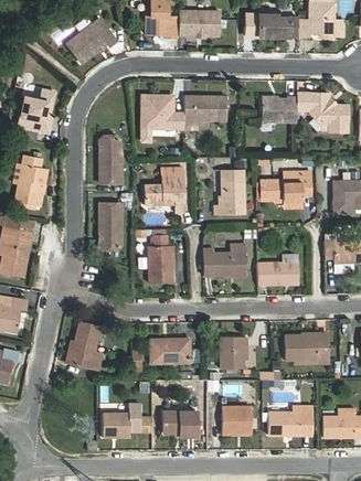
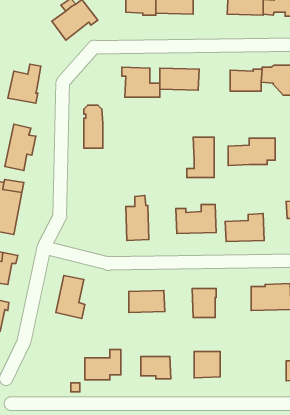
building: [144,167,184,212] -> none
building: [100,202,121,248] -> none
building: [268,413,312,435] -> none

